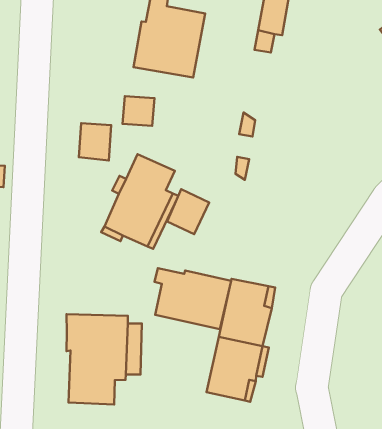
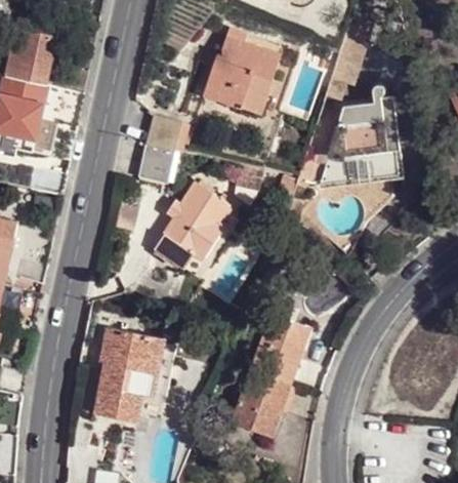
building: none -> [321,86,402,186]
building: [122,96,155,126] -> [145,117,180,150]
building: [167,189,209,234] -> none
building: [154,268,231,329] -> none

